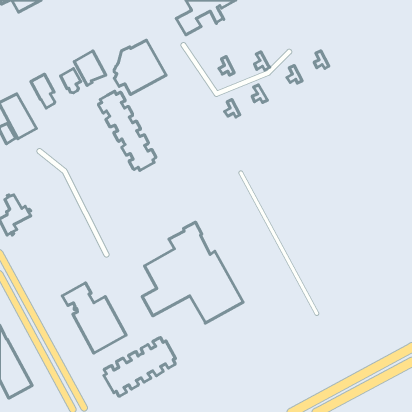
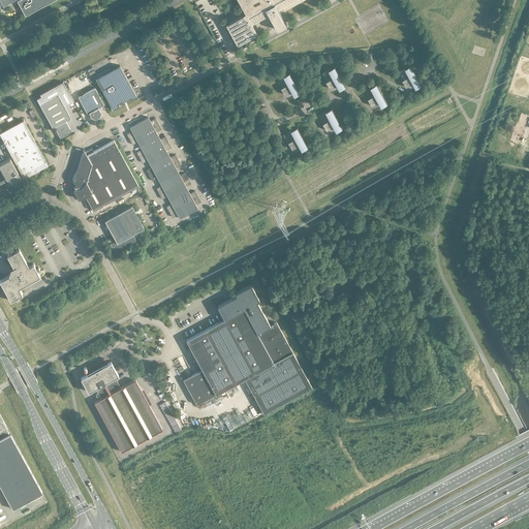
building: [114,40,166,94] -> [71,142,137,211]
building: none -> [103,205,144,254]
building: [104,338,176,396] -> none

